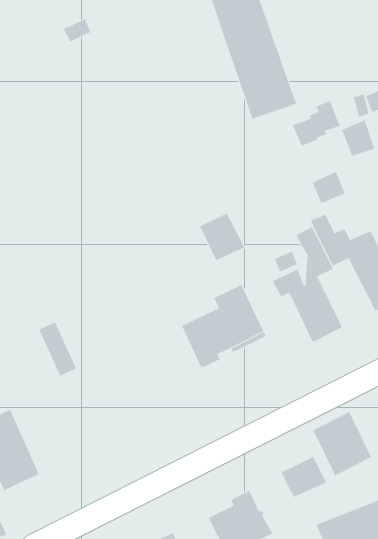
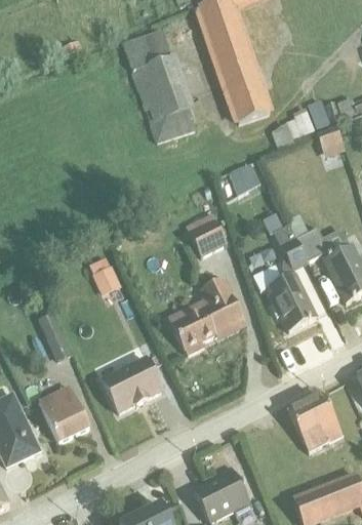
building: none -> [121,28,196,144]
building: [312,171,345,204] -> [229,165,259,195]
building: none -> [88,255,121,293]
building: none -> [100,355,162,411]
building: none -> [38,382,89,440]
building: [281,456,327,498] -> none

